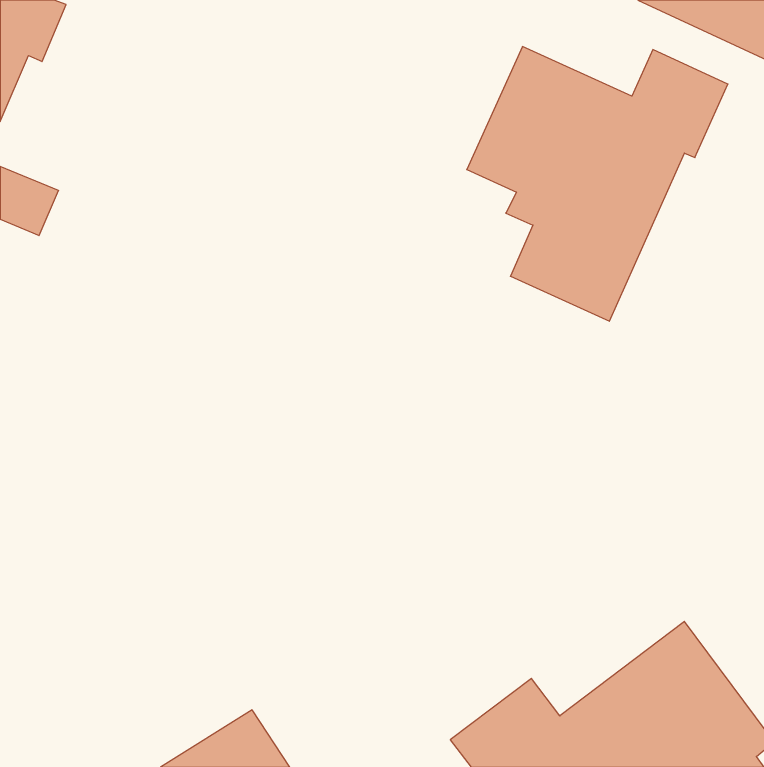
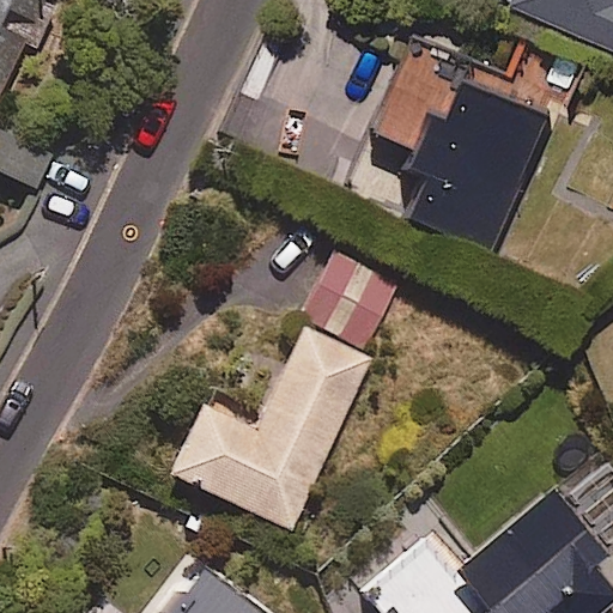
building: none -> [169,256,395,532]

